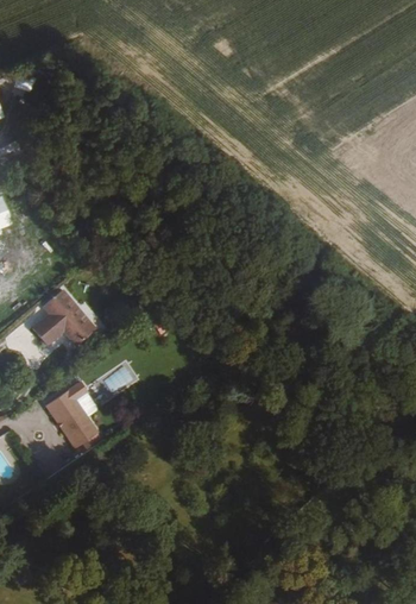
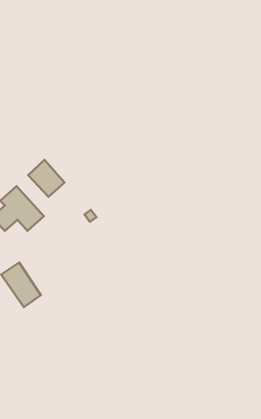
building: none -> [28,160,64,197]

